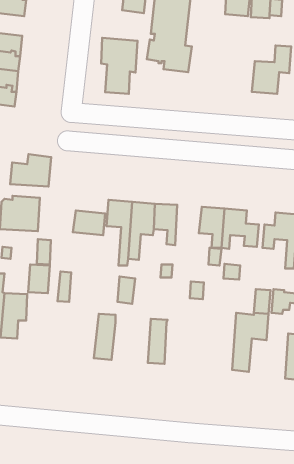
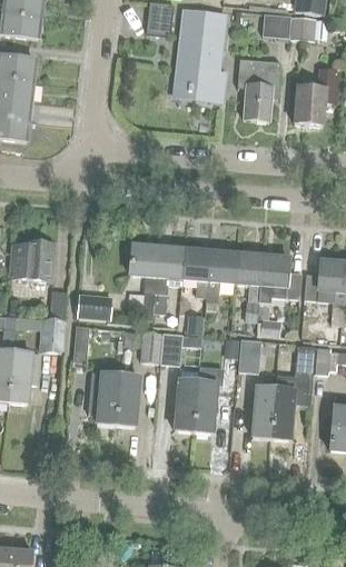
building: [101,38,138,94] -> [237,58,278,121]
building: [10,154,51,186] -> none
building: none -> [206,251,237,302]
building: [73,210,105,235] -> [76,292,112,320]
building: none -> [161,335,202,365]
building: none -> [239,339,261,372]
building: none -> [195,367,223,432]
building: none -> [89,372,120,425]
building: none -> [251,388,275,438]

